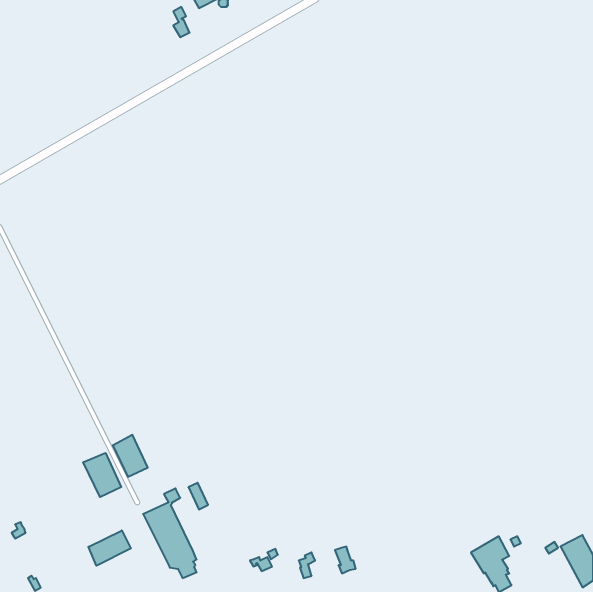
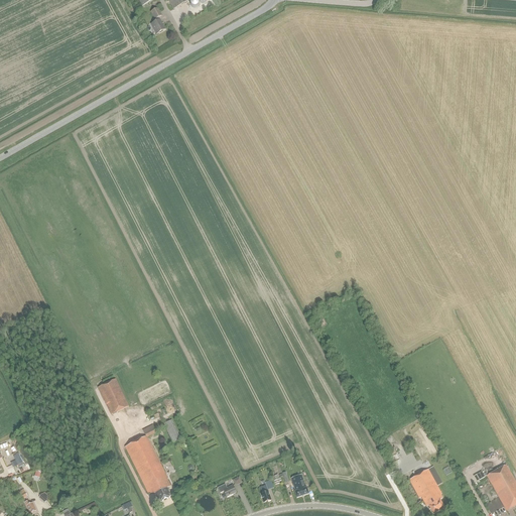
building: [83,453,121,497] -> none
building: [88,530,131,566] -> none

